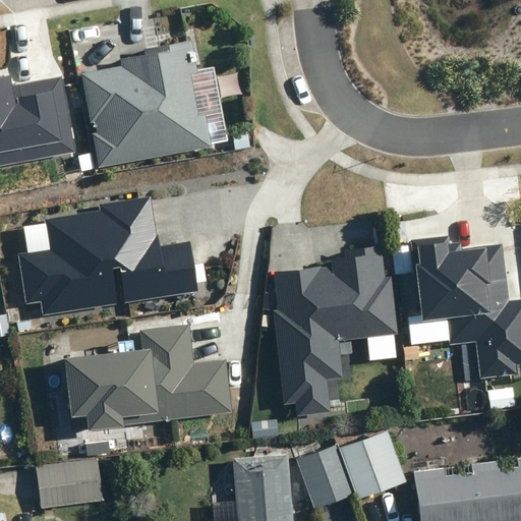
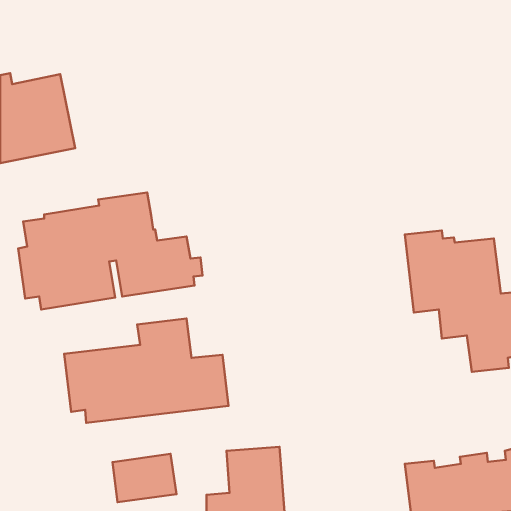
building: [82,40,212,167] -> none
building: [274,245,397,415] -> none
building: [294,431,404,509] -> none
building: [35,459,100,508] -> [112,454,177,502]

